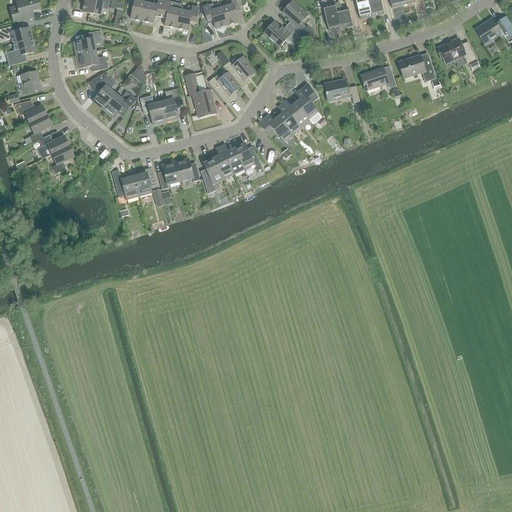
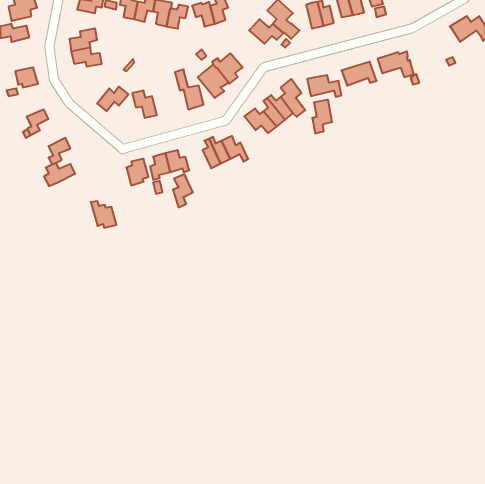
building: [438,37,476,63] -> none
building: [6,39,35,65] -> none
building: [88,72,116,109] -> none
building: [161,88,181,121] -> none
building: [14,99,47,123] -> none
building: none -> [312,100,332,134]
building: [37,134,70,158] -> [44,163,75,186]
building: [202,158,223,193] -> [173,174,193,207]
building: [112,170,139,198] -> [91,201,116,228]

